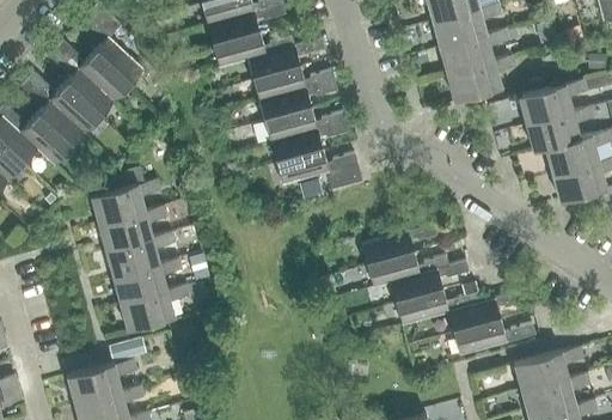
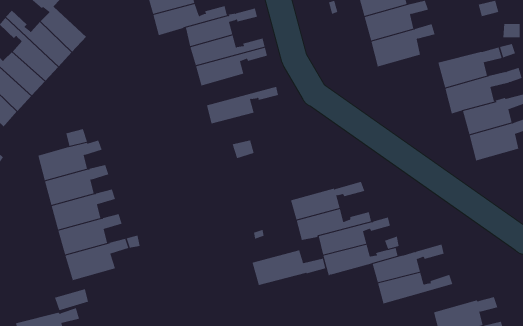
building: [265,109,347,142] -> none
building: [276,151,362,189] -> none
building: none -> [252,250,326,286]

